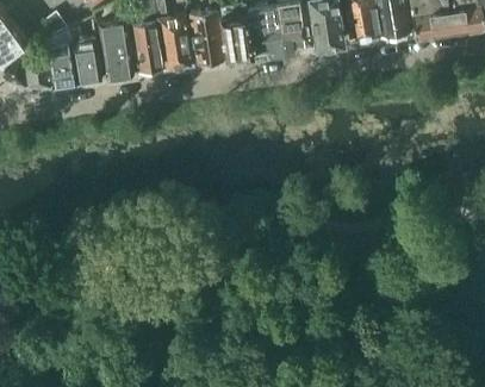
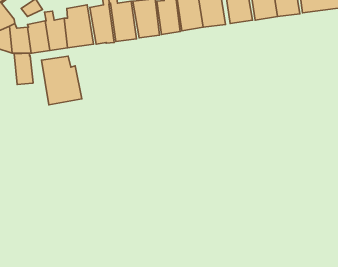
building: none -> [14,53,33,85]
building: none -> [42,56,82,105]

